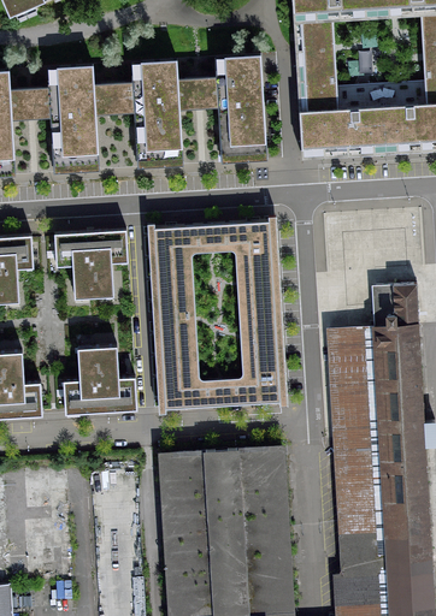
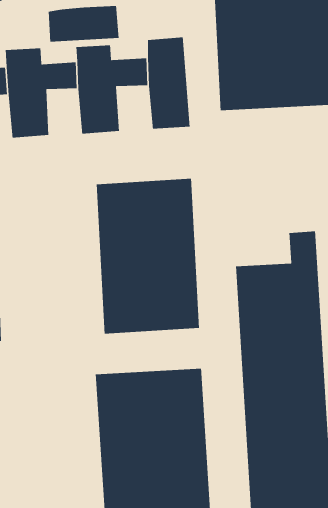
building: none -> [48,5,119,43]
building: [54,230,128,298] -> none
building: [63,345,136,414] -> none

